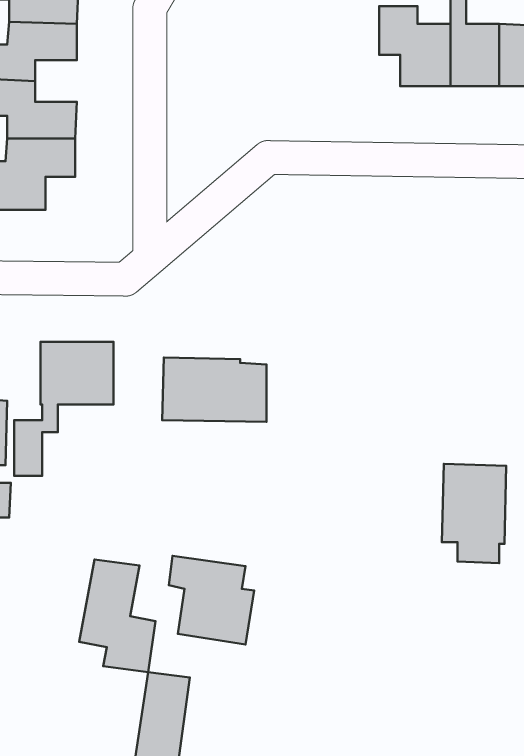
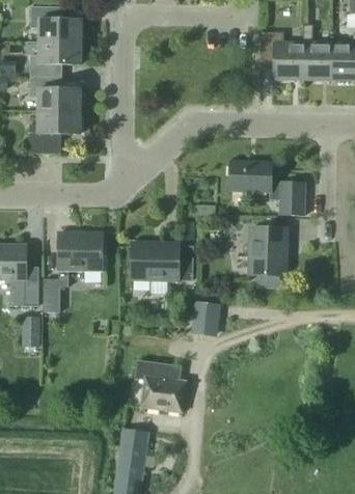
building: none -> [229,161,305,216]
building: none -> [191,301,220,337]
building: [442,464,506,563] -> [248,227,286,286]
building: [79,559,155,672] -> none

